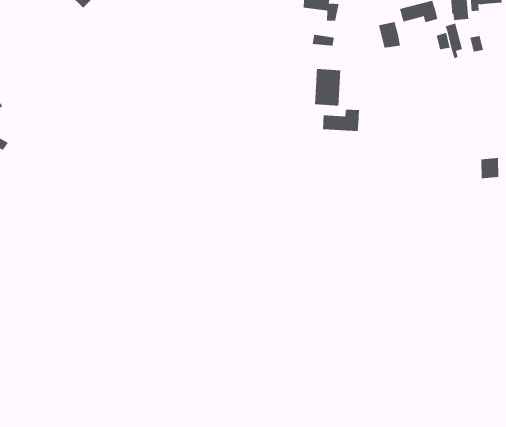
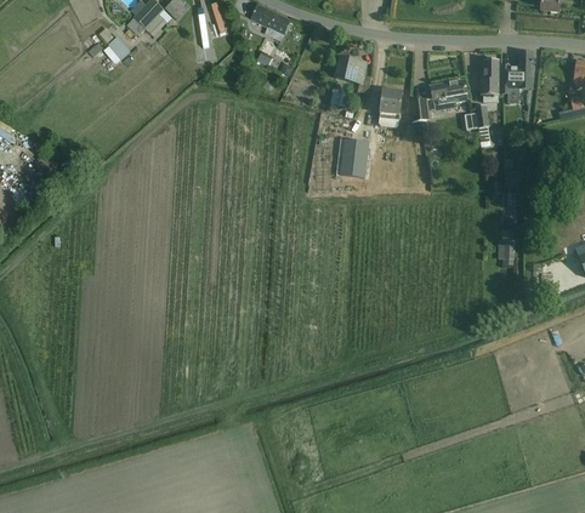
building: none -> [379,89,403,125]
building: [322,109,360,132] -> none

